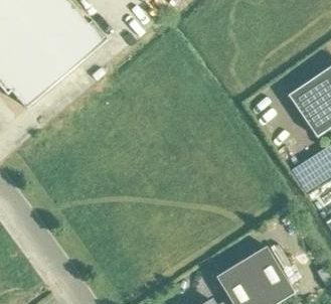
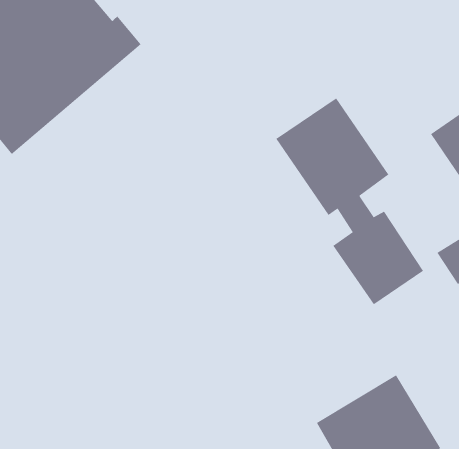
building: none -> [275,97,424,305]

